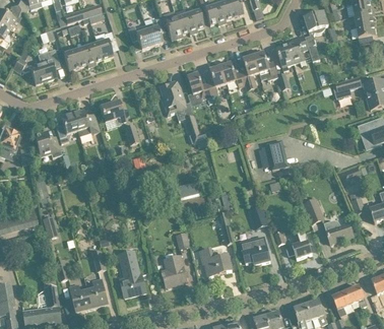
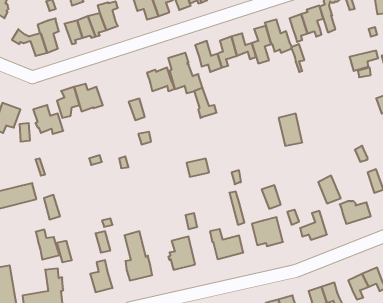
building: [99,100,125,122] -> [147,68,175,91]
building: [69,283,91,312] -> [36,230,59,260]

